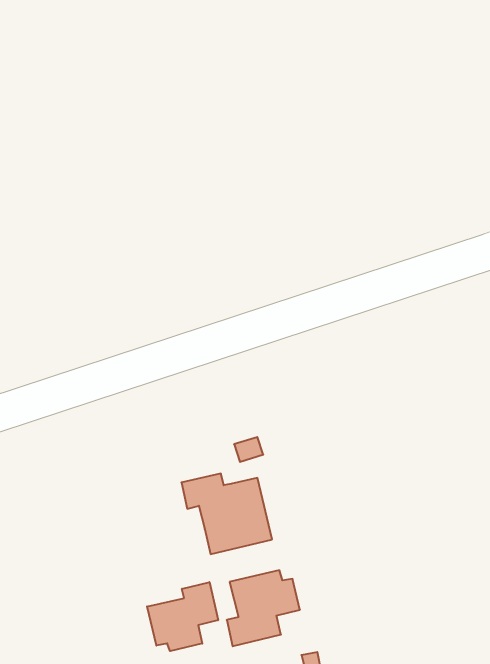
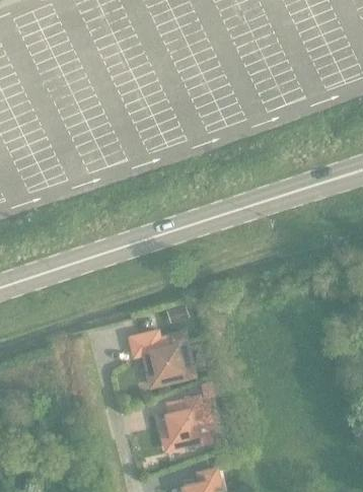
building: [147,582,218,651] -> none

